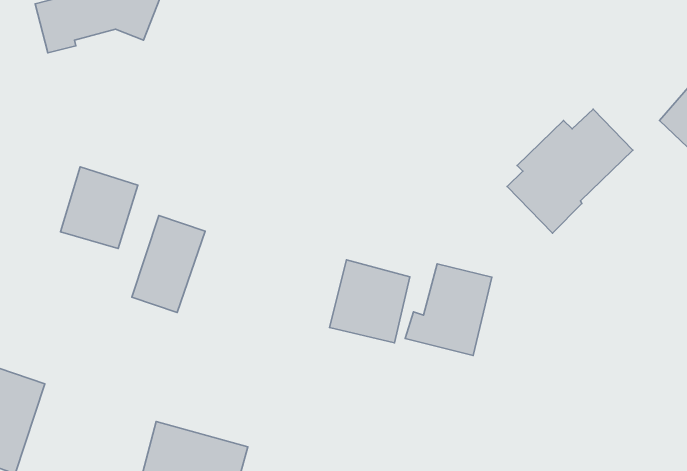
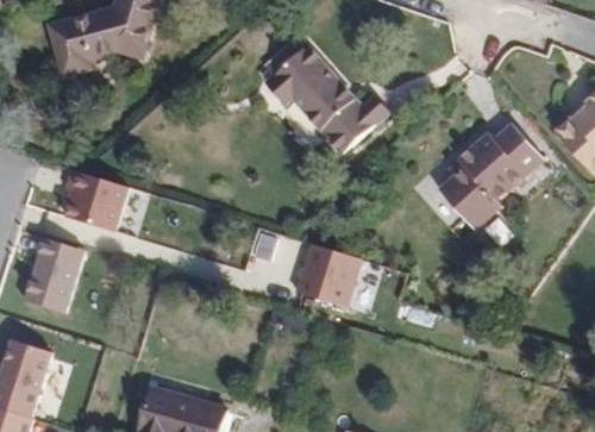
building: none -> [273,39,394,148]
building: [132,216,205,313] -> [23,237,84,319]
building: [405,264,492,356] -> none

